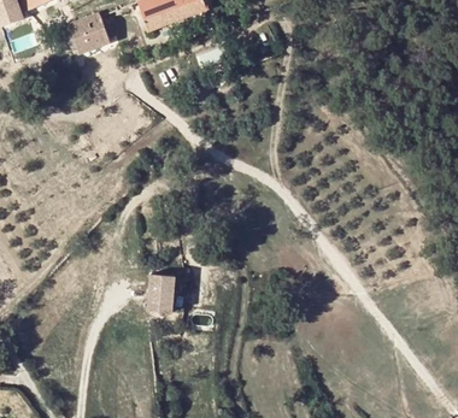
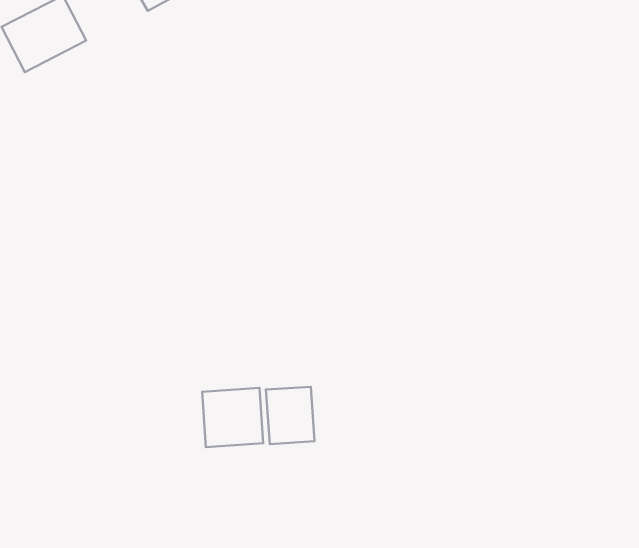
building: none -> [266,387,315,444]

